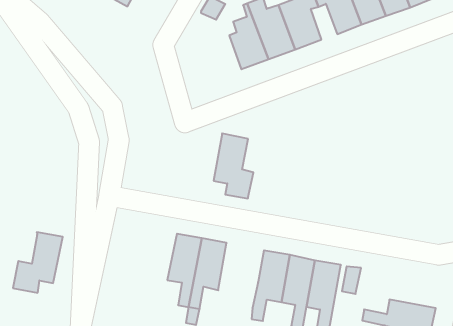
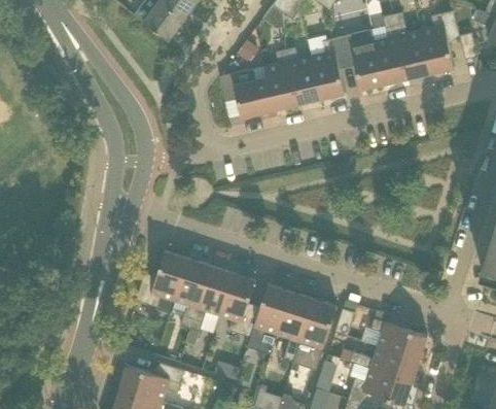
building: none -> [220,71,268,118]
building: [214,133,253,198] -> [220,273,258,337]
building: [13,232,63,293] -> [136,251,188,308]
building: none -> [371,319,428,359]

